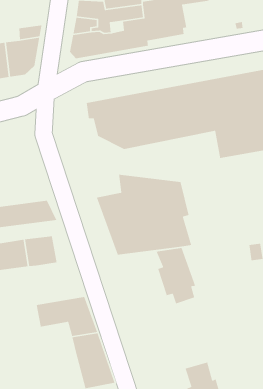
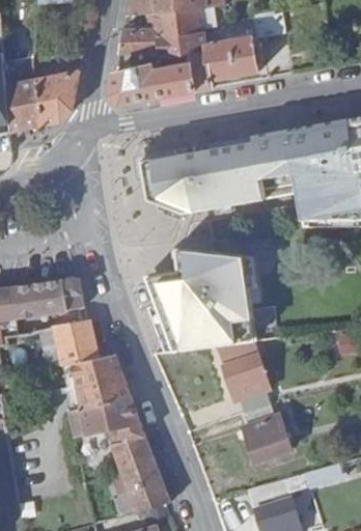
building: none -> [54,356,132,419]
building: none -> [243,401,291,458]

